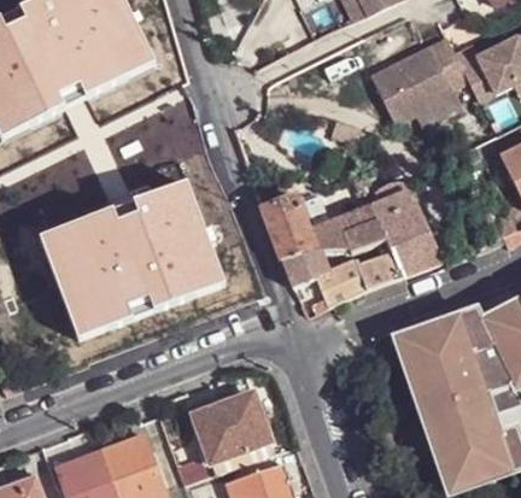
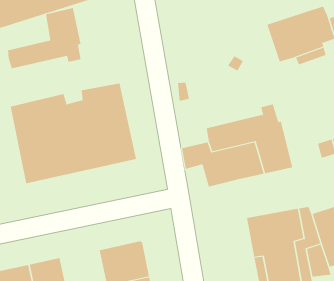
building: none -> [7,7,81,69]
building: [264,194,318,258] -> none

